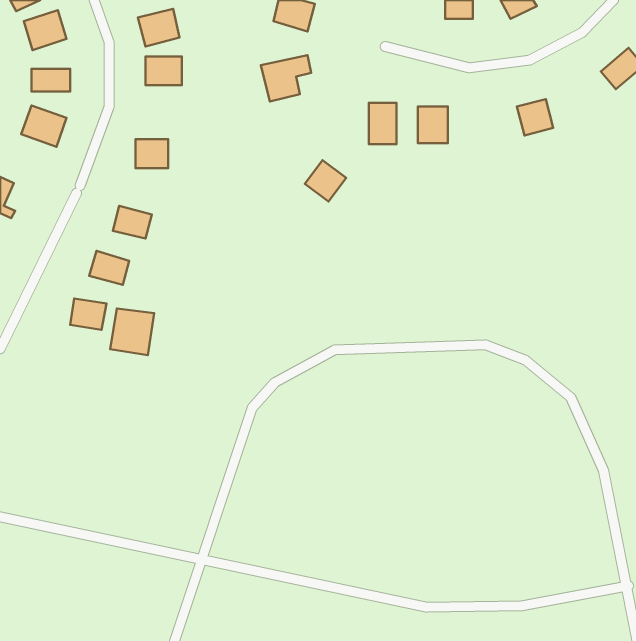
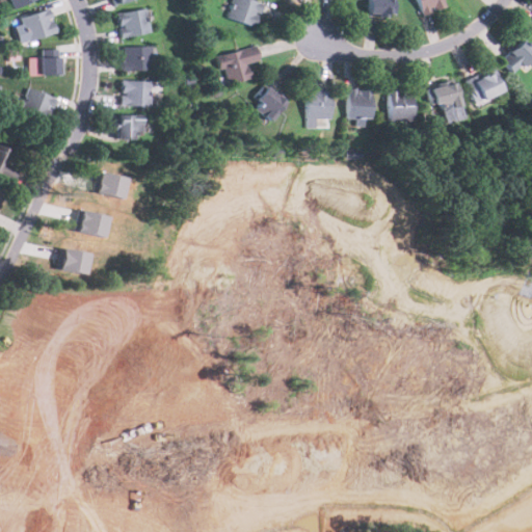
building: none -> [468,69,504,104]
building: none -> [124,81,153,106]
building: none -> [390,89,415,121]
building: [305,160,346,202] -> [254,86,288,121]
building: [110,309,154,355] -> none

